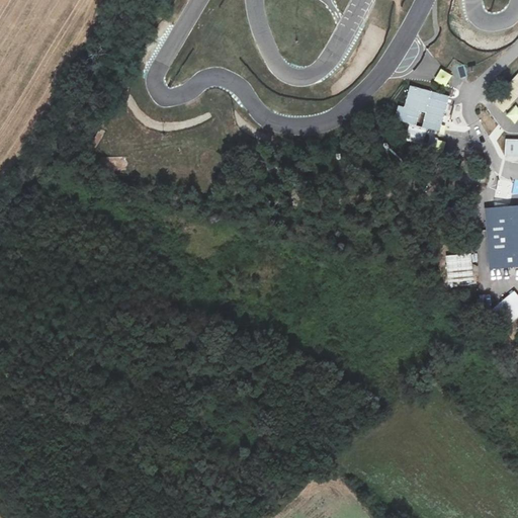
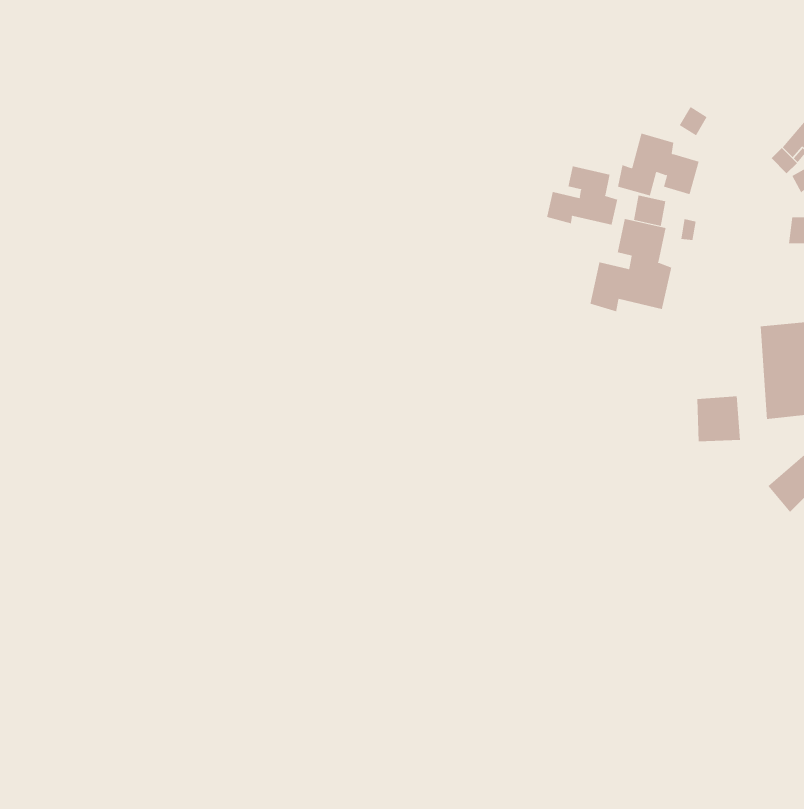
building: none -> [547,166,618,225]
building: none -> [590,218,672,312]

